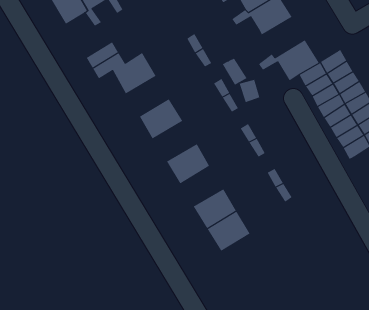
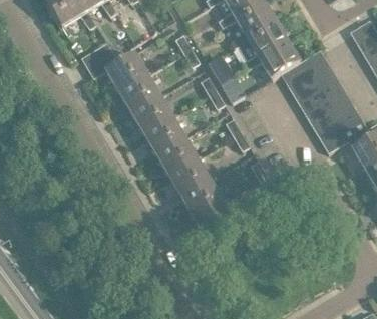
building: none -> [231,18,287,59]
building: none -> [118,73,159,111]
building: none -> [143,115,185,153]
building: none -> [169,157,211,196]

